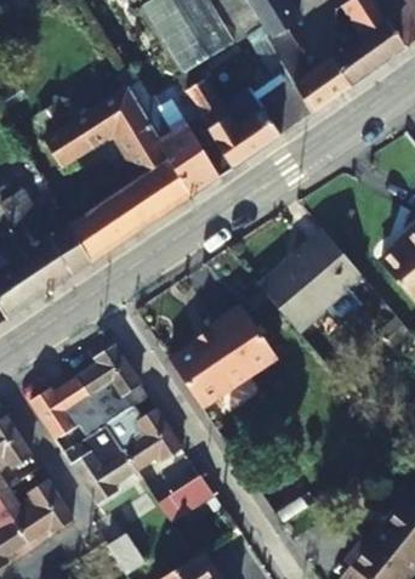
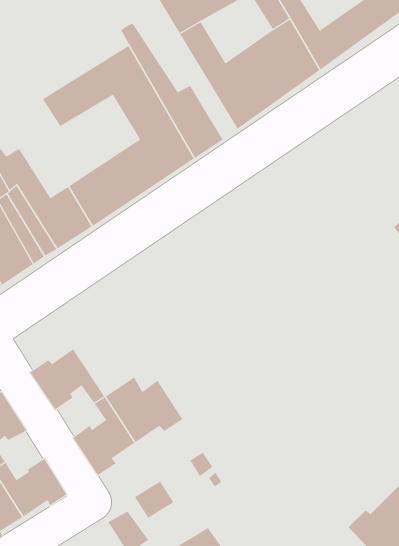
building: [260,232,364,334] -> none
building: [170,303,279,409] -> none
building: [75,348,138,426] -> none

